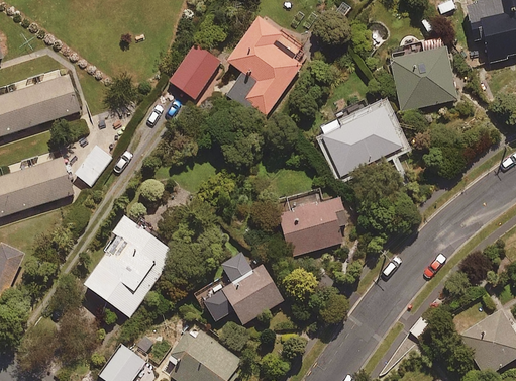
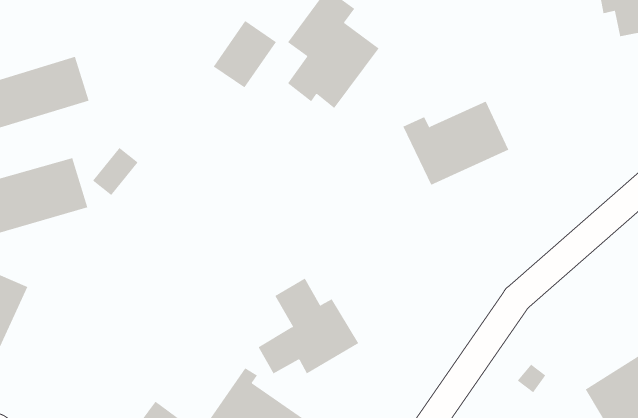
building: [389,39,456,110] -> none
building: [279,200,347,257] -> none
building: [84,221,174,318] -> none

